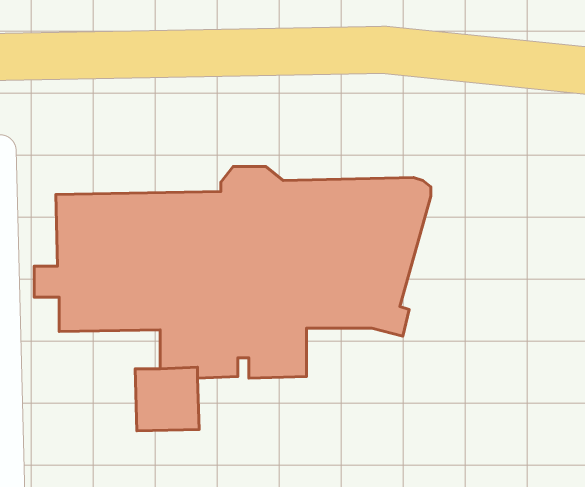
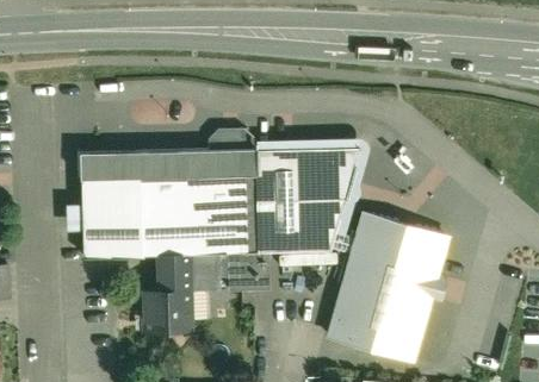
building: none -> [323,211,451,367]

